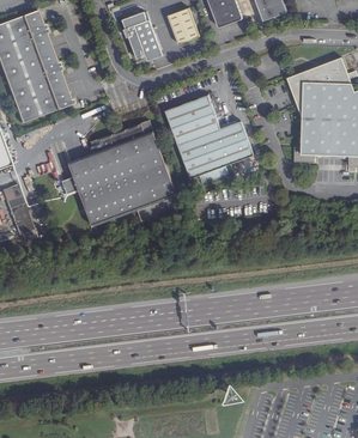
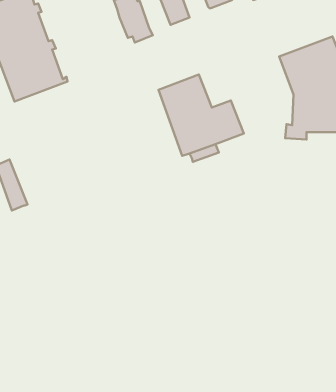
building: [68,118,176,226] -> none

